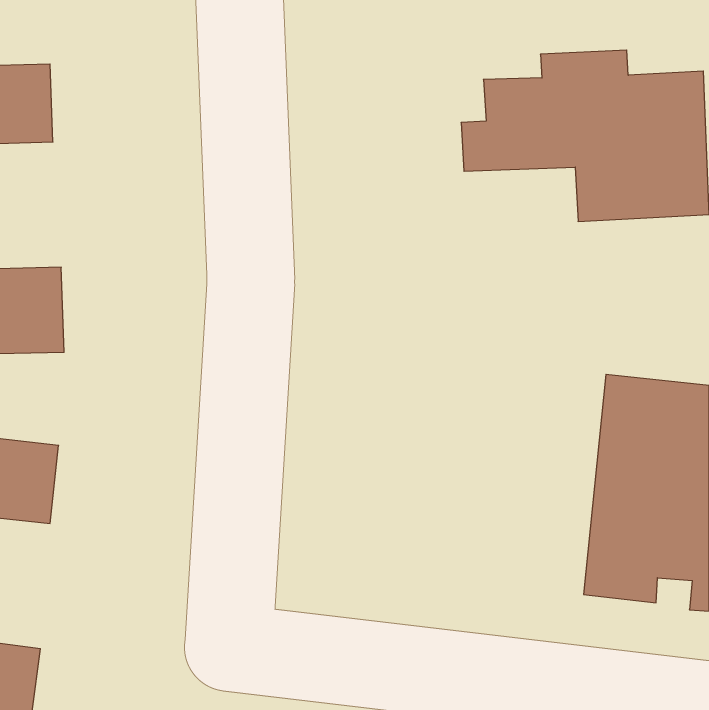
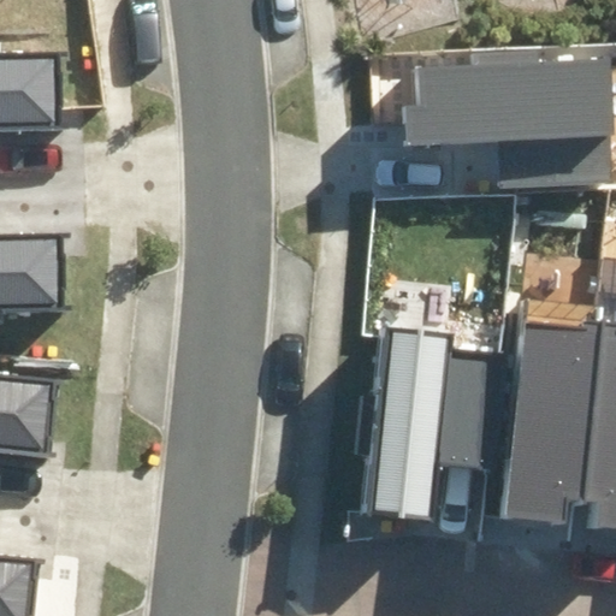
building: none -> [369,328,497,523]

